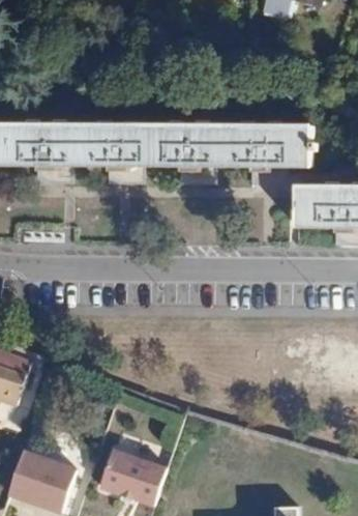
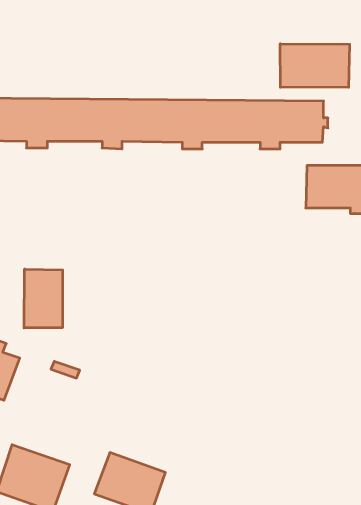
building: none -> [280,44,350,87]
building: none -> [24,269,63,328]

